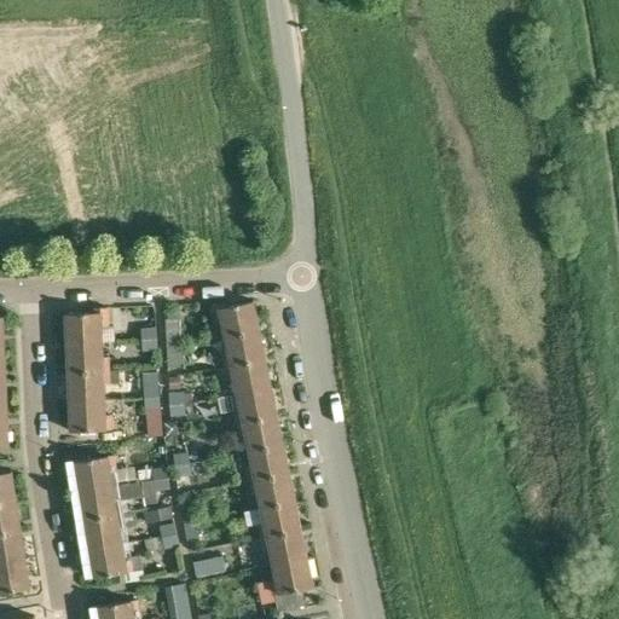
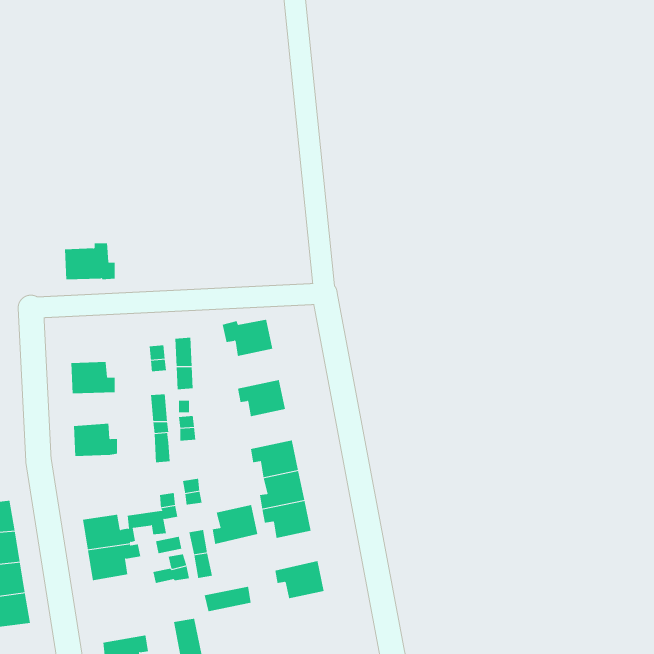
building: [65,308,114,343] -> [64,243,115,280]
building: [220,330,264,368] -> none
building: [68,370,120,403] -> none
building: [232,387,276,424] -> none
building: [73,456,116,491] -> none
building: [256,502,300,539] -> [212,505,258,544]
building: [87,543,143,578] -> none
building: [258,559,312,607] -> none

